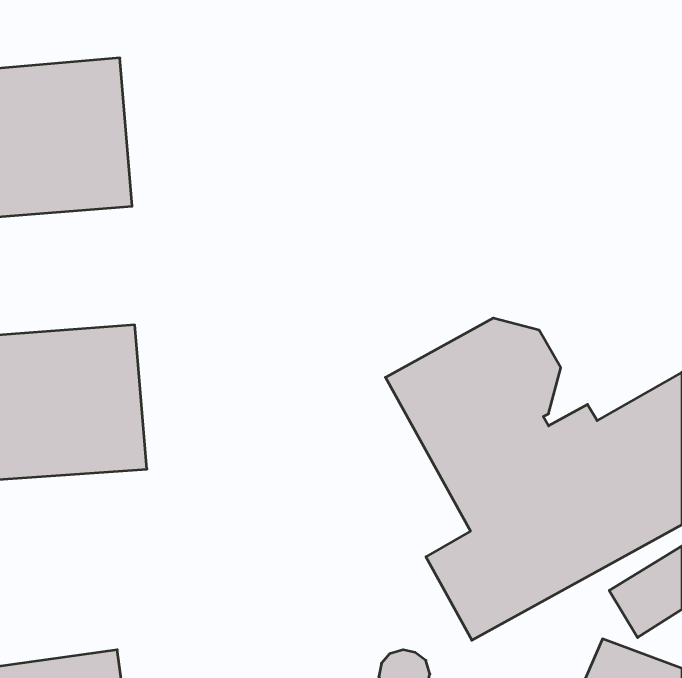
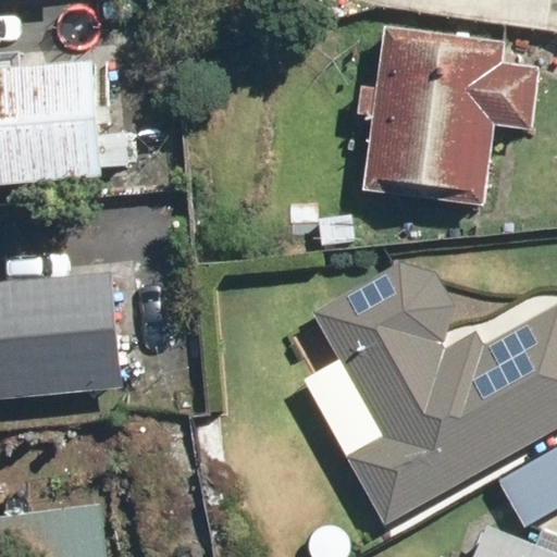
building: none -> [363,36,540,216]

